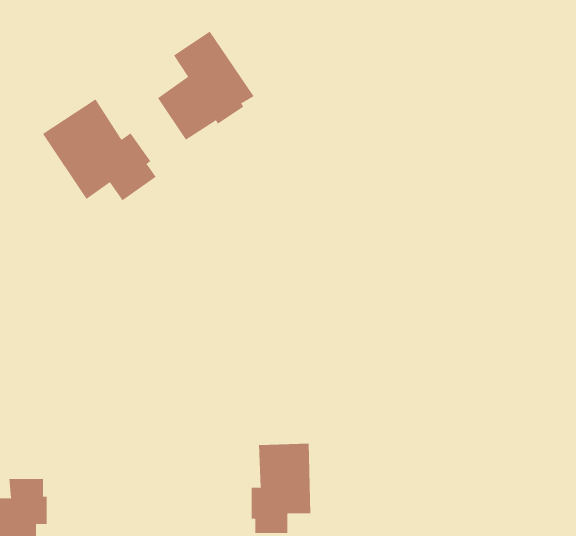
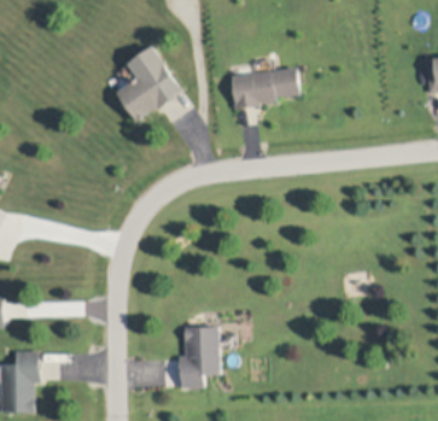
building: none -> [230,69,298,109]
building: [42,99,157,201] -> none

